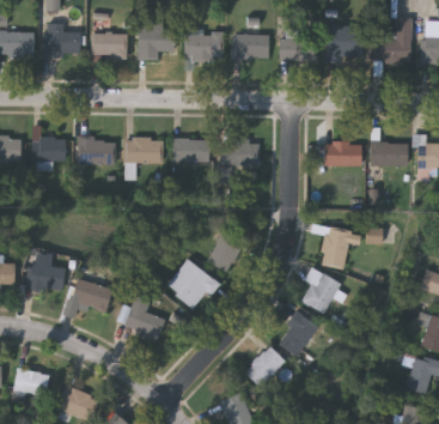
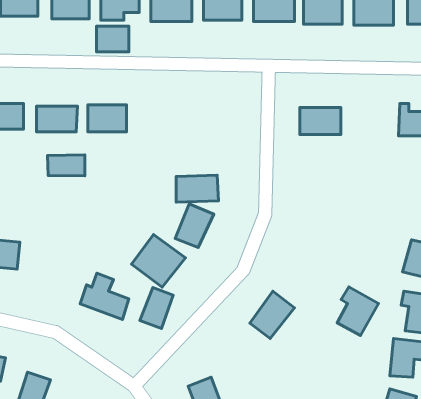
building: none -> [97,26,129,52]
building: [176,139,212,164] -> none
building: [225,141,264,166] -> [176,175,218,202]
building: [371,144,409,166] -> none
building: none -> [48,155,85,176]
building: [322,229,362,268] -> none
building: [303,268,341,314] -> [337,287,378,336]
building: [71,278,112,313] -> none
building: none -> [140,287,173,328]
building: [245,346,286,387] -> none

